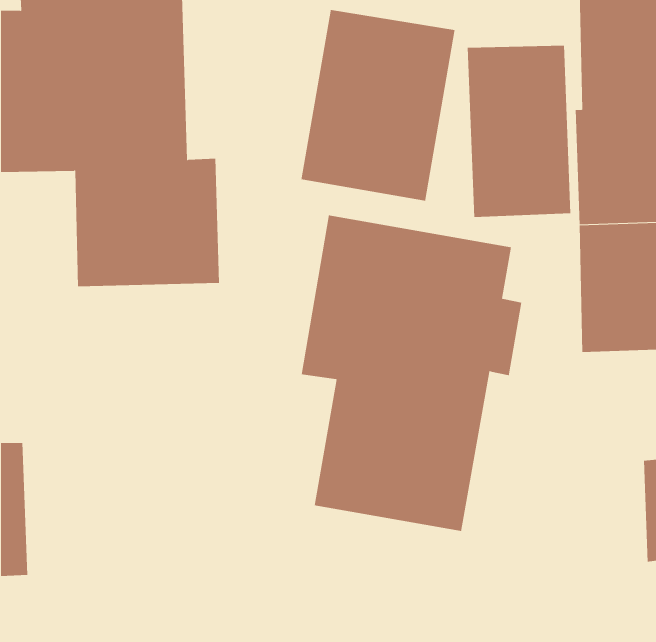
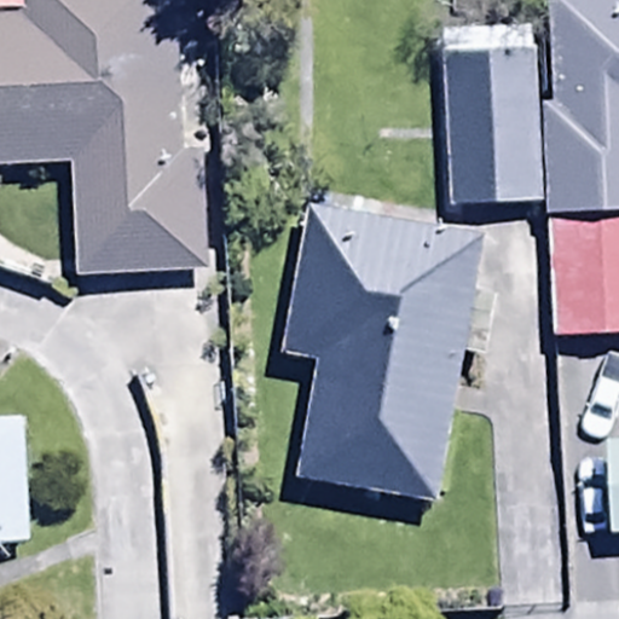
building: [301,9,455,202] -> none

